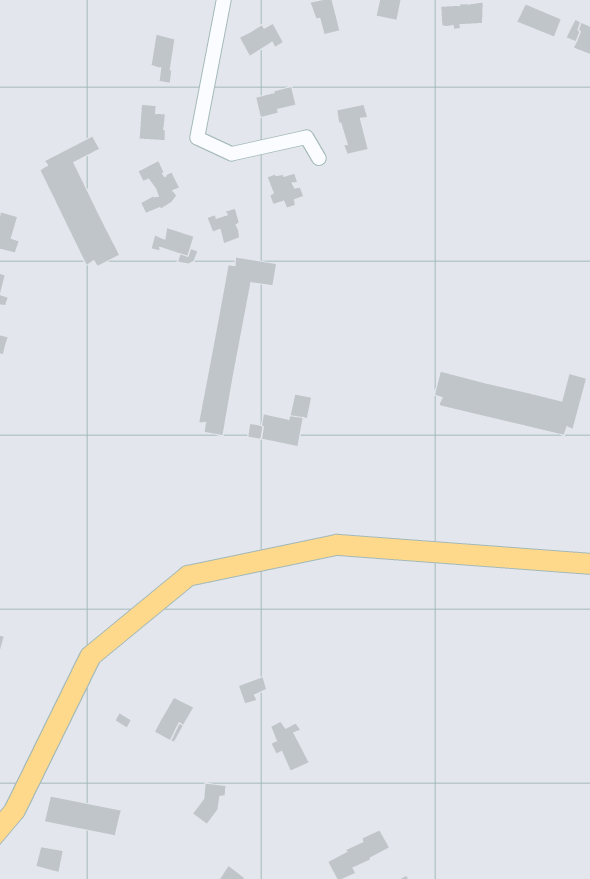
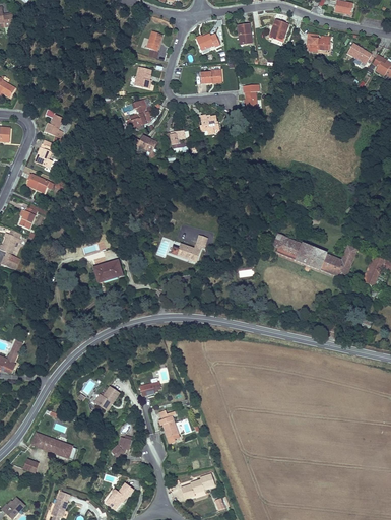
building: [38,136,120,267] -> none
building: [199,257,276,436] -> none
building: none -> [92,259,123,282]

